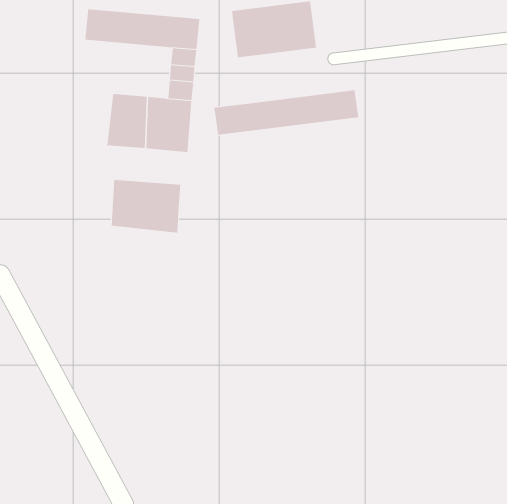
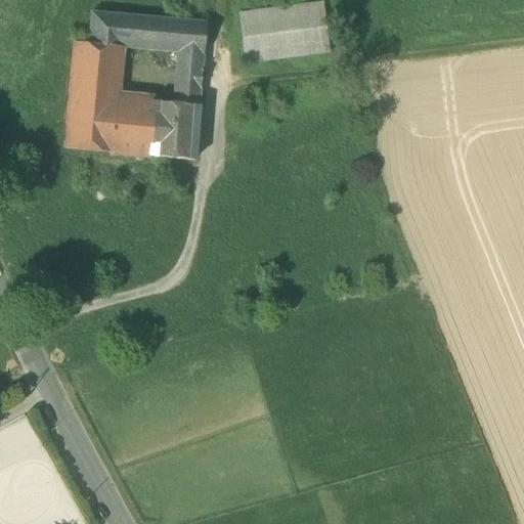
building: none -> [67,40,123,149]
building: [214,90,359,136] -> none
building: [111,179,181,233] -> none

